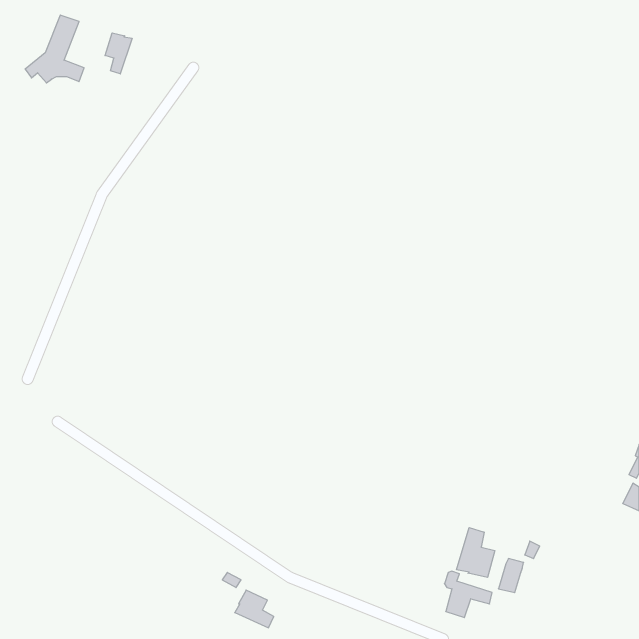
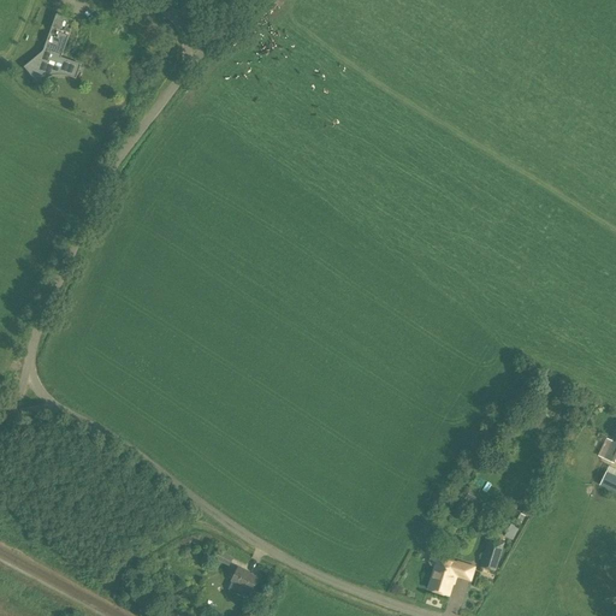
building: [105,33,132,74] -> none
building: [457,528,495,577] -> none

